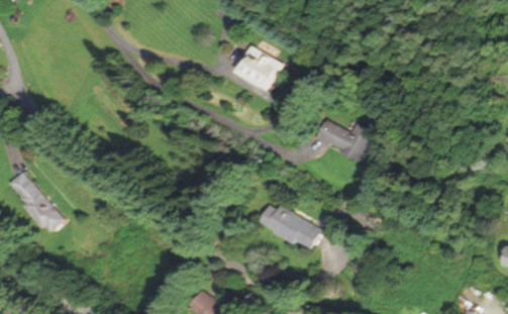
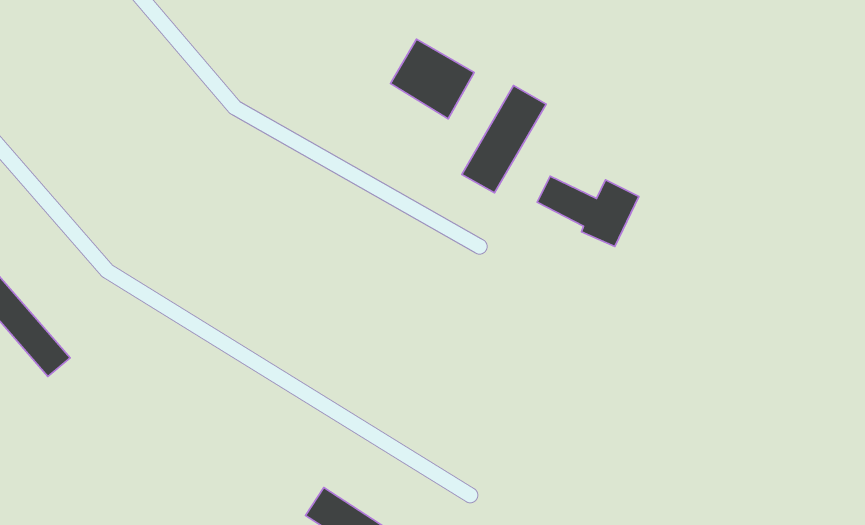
building: none -> [462,86,546,193]
building: [259,205,320,246] -> none

